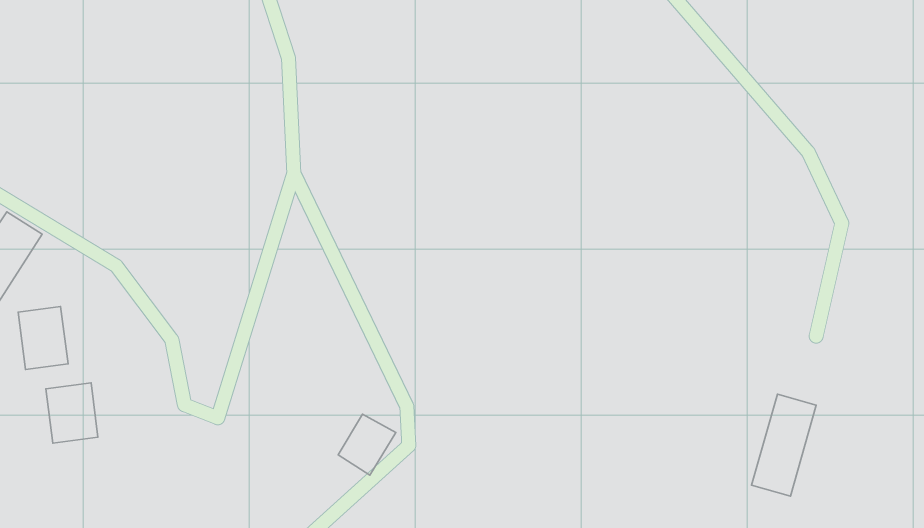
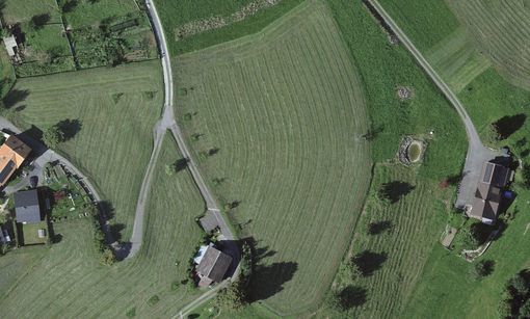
building: [46,383,98,443] -> none
building: [752,394,816,496] -> [471,163,507,220]

